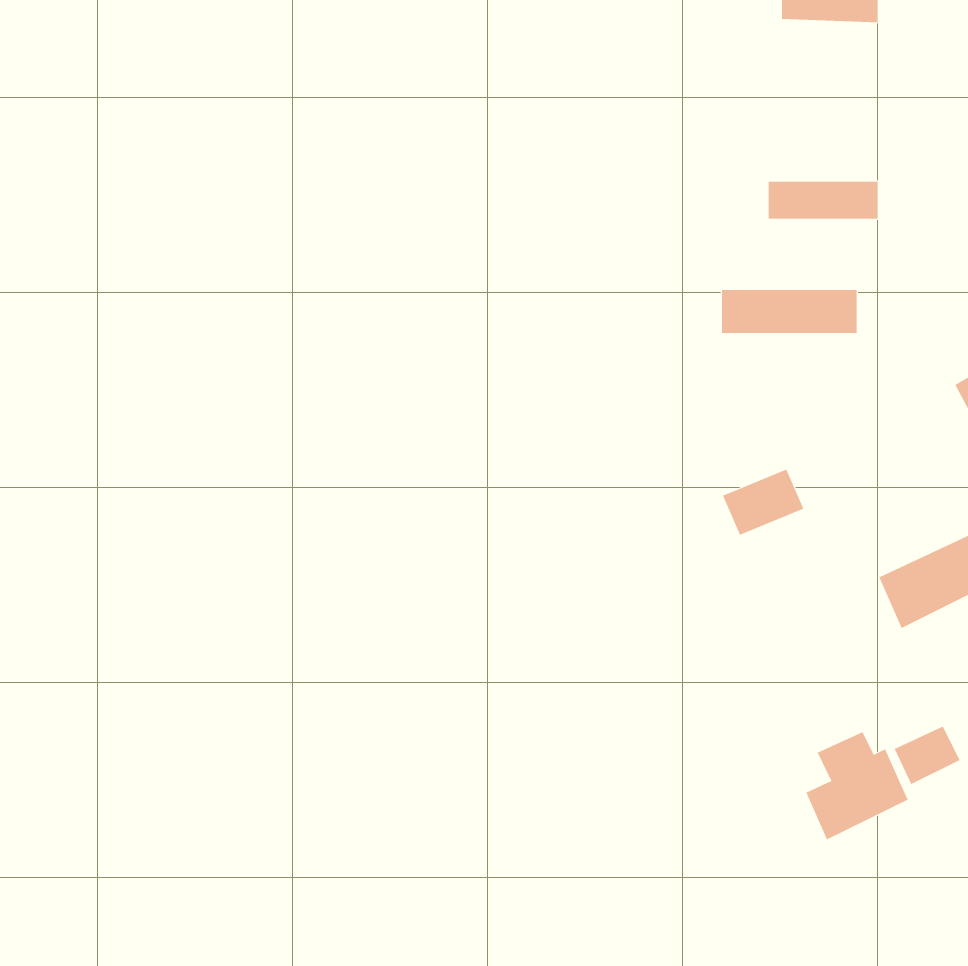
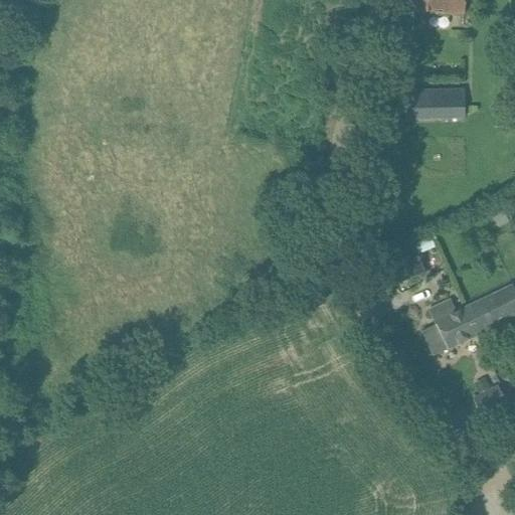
building: [722,289,857,334] -> none
building: [806,731,908,840] -> [424,296,479,353]

